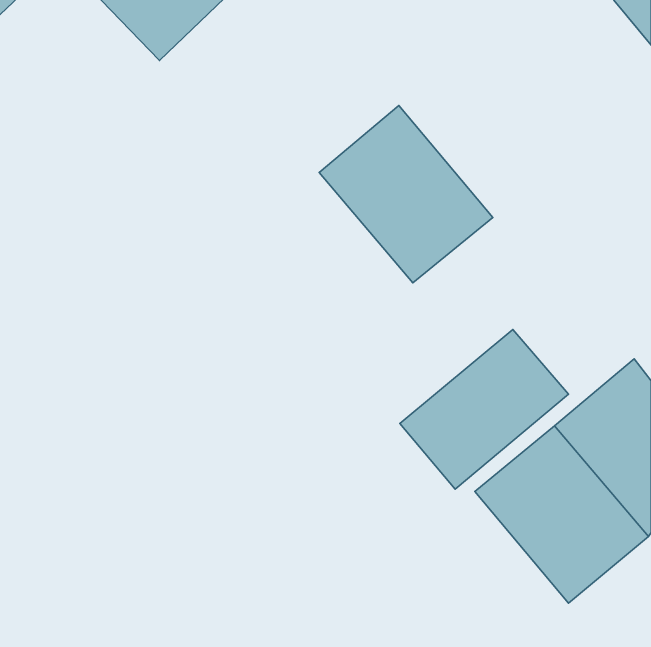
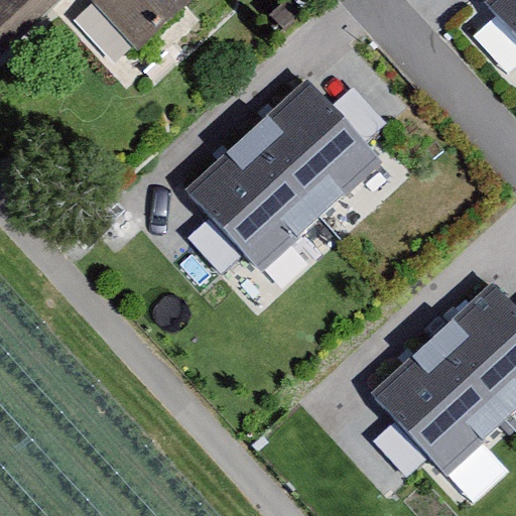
building: none -> [187,135,324,274]
building: [400,329,569,489] -> none

